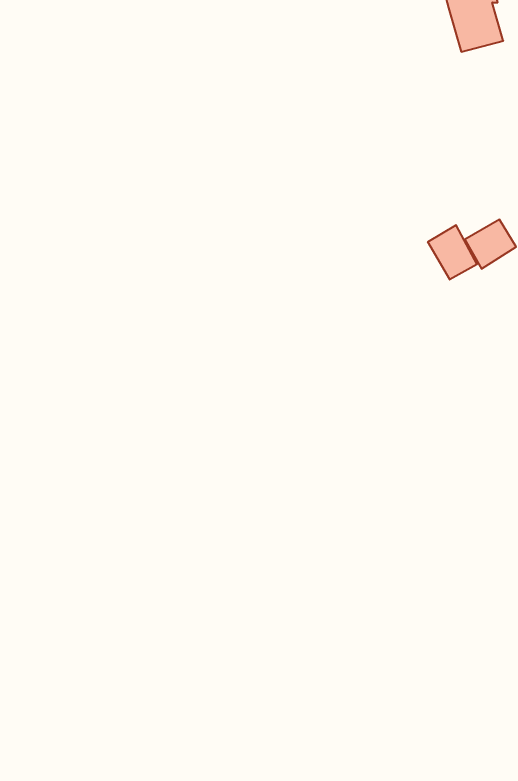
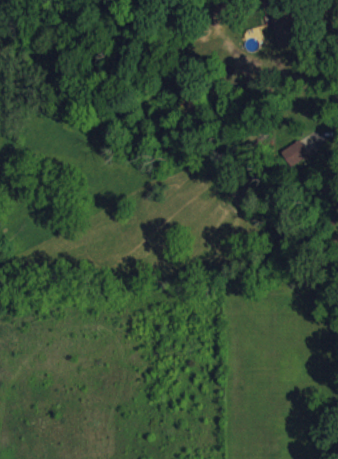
building: [428,225,477,280] -> none

